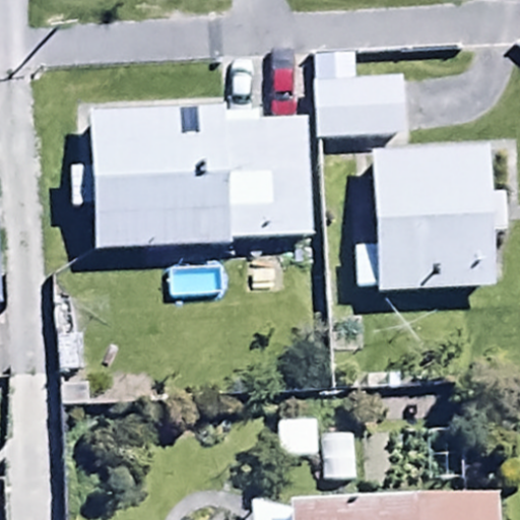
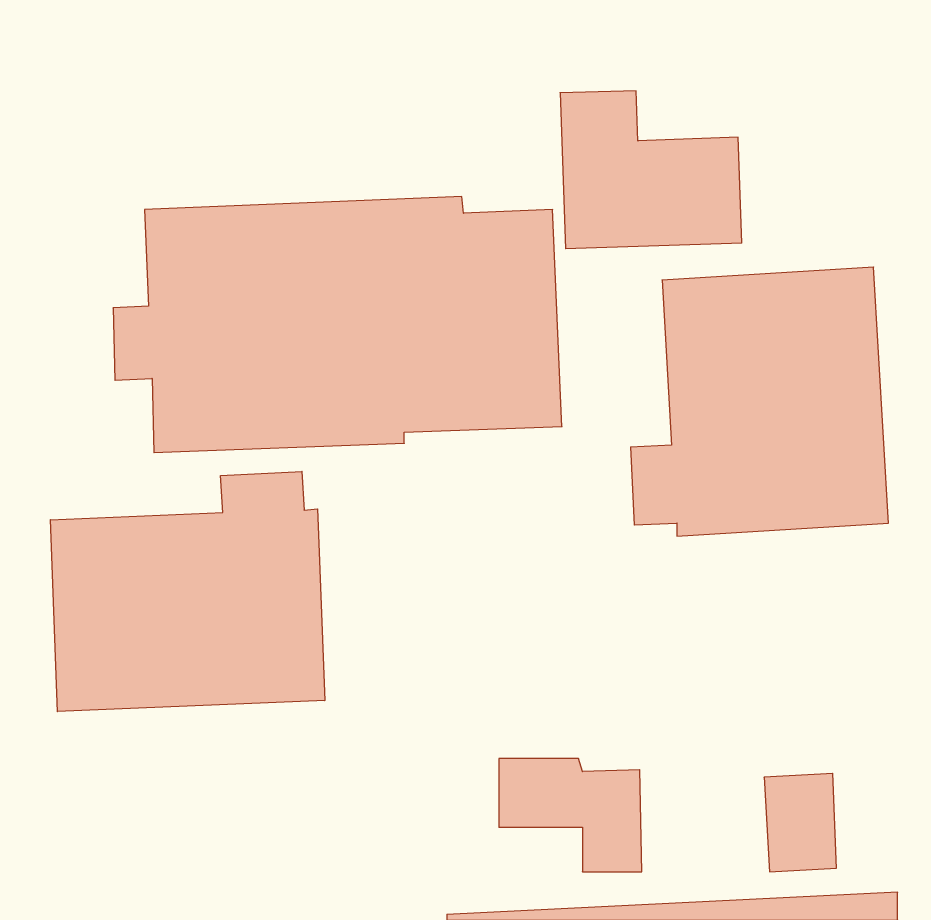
building: none -> [50,471,325,712]

